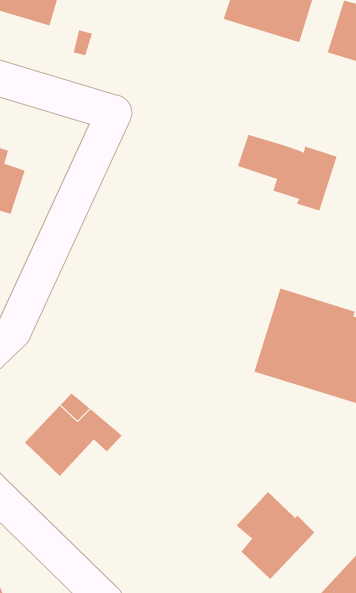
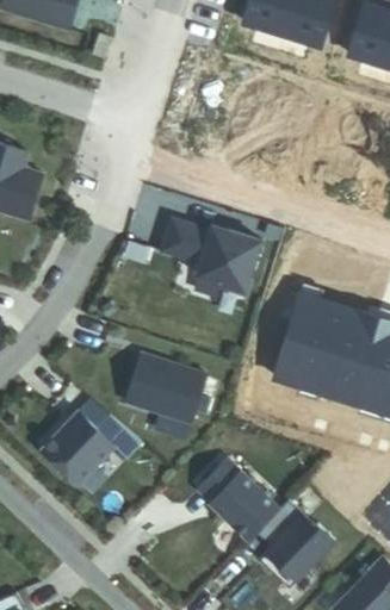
building: [237,134,338,211] -> [160,219,261,297]
building: none -> [125,354,205,424]
building: none -> [198,459,279,540]

